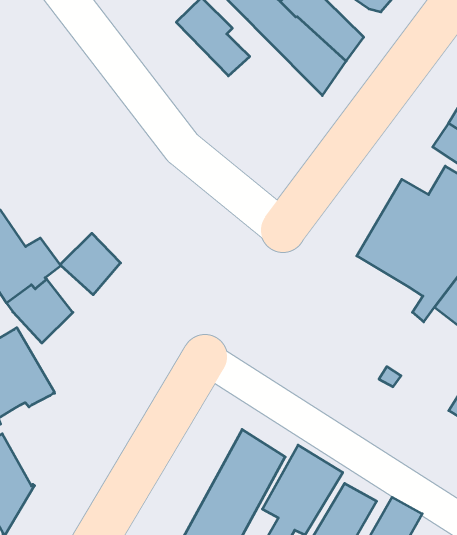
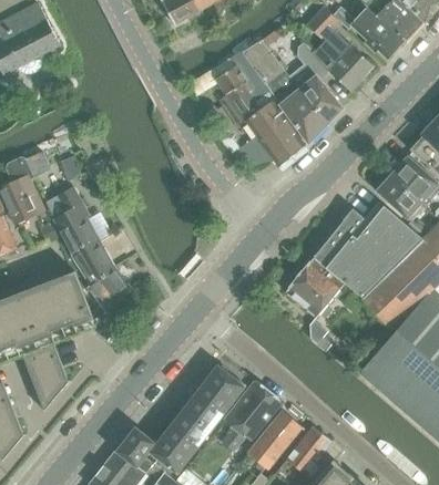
building: none -> [244,92,302,167]
building: [61,233,121,295] -> [90,266,131,308]
building: none -> [286,257,346,317]

